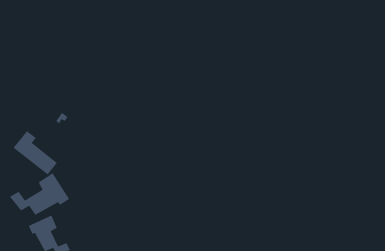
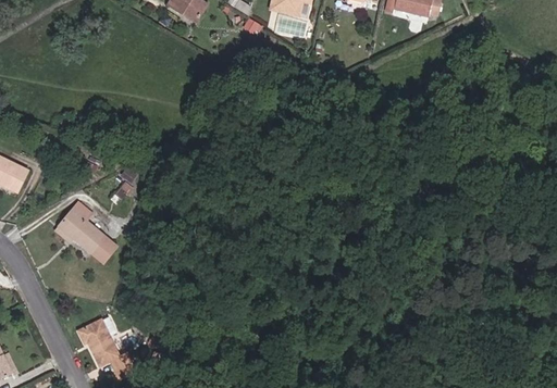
building: [9,172,70,216] -> none

